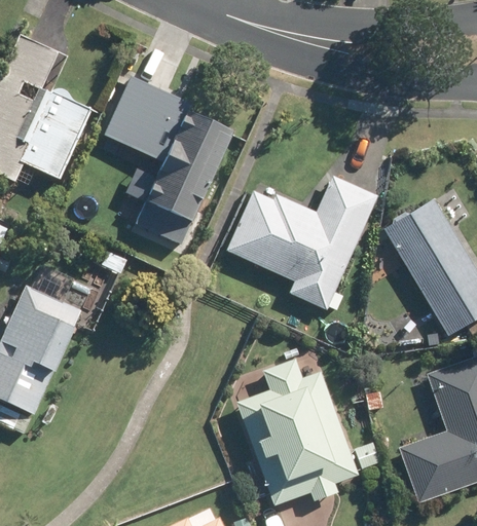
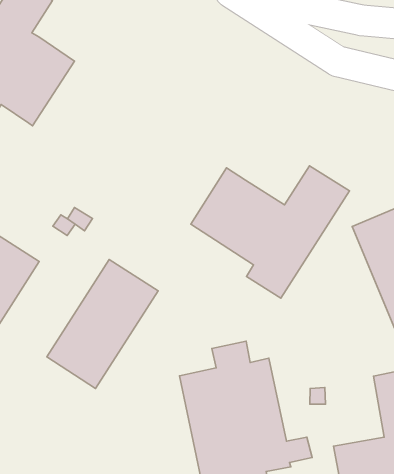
building: [106,74,235,248] -> none
building: none -> [47,260,158,388]

